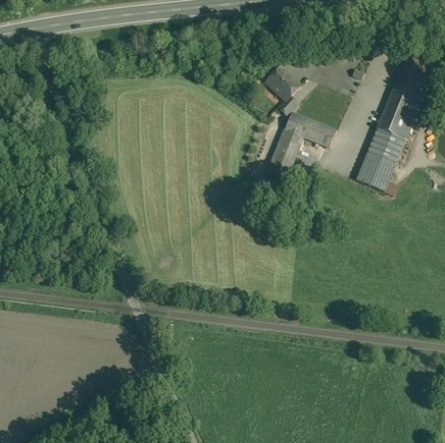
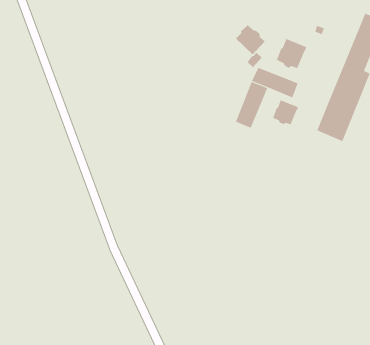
building: none -> [276,38,307,69]
building: none -> [272,100,299,125]

